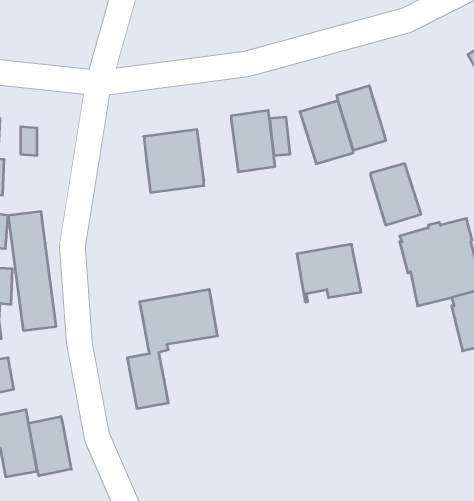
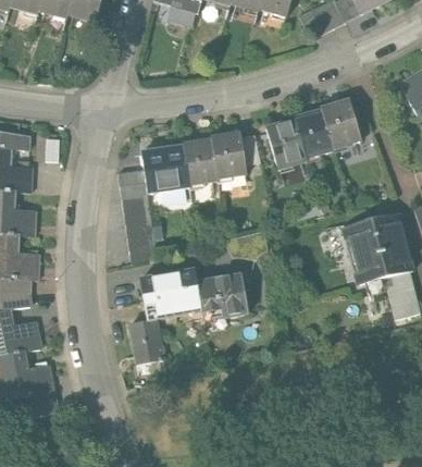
building: none -> [184,135,218,183]
building: [371,164,421,225] -> [322,98,362,147]
building: [8,212,56,330] -> [119,168,157,262]
building: [297,244,361,302] -> [197,274,248,320]
building: [28,416,71,476] -> none

